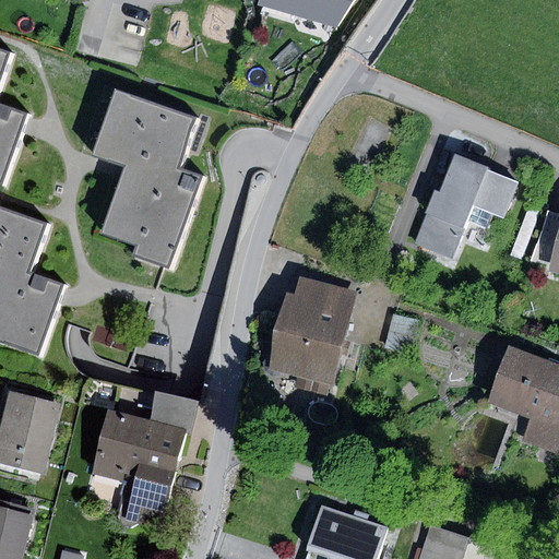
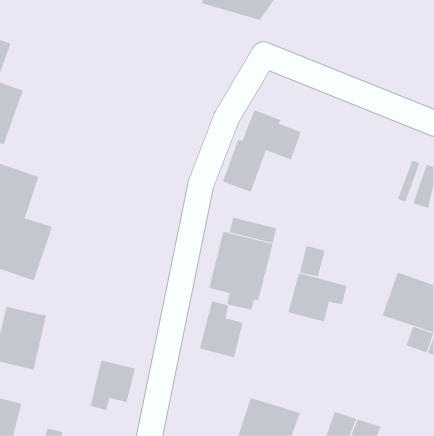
building: [100,92,203,267] -> none
building: [413,153,514,259] -> [222,110,302,193]
building: none -> [288,273,347,322]
building: none -> [199,301,243,358]
building: [90,391,195,481] -> none

